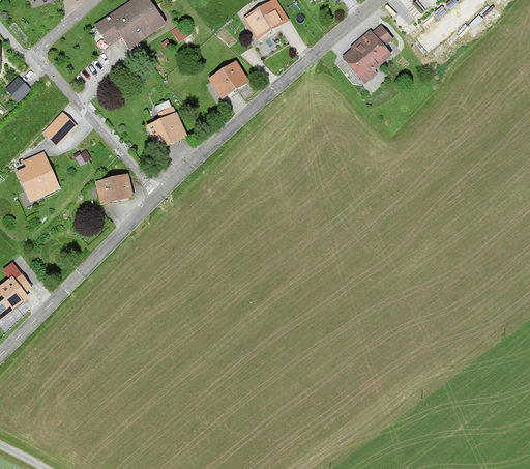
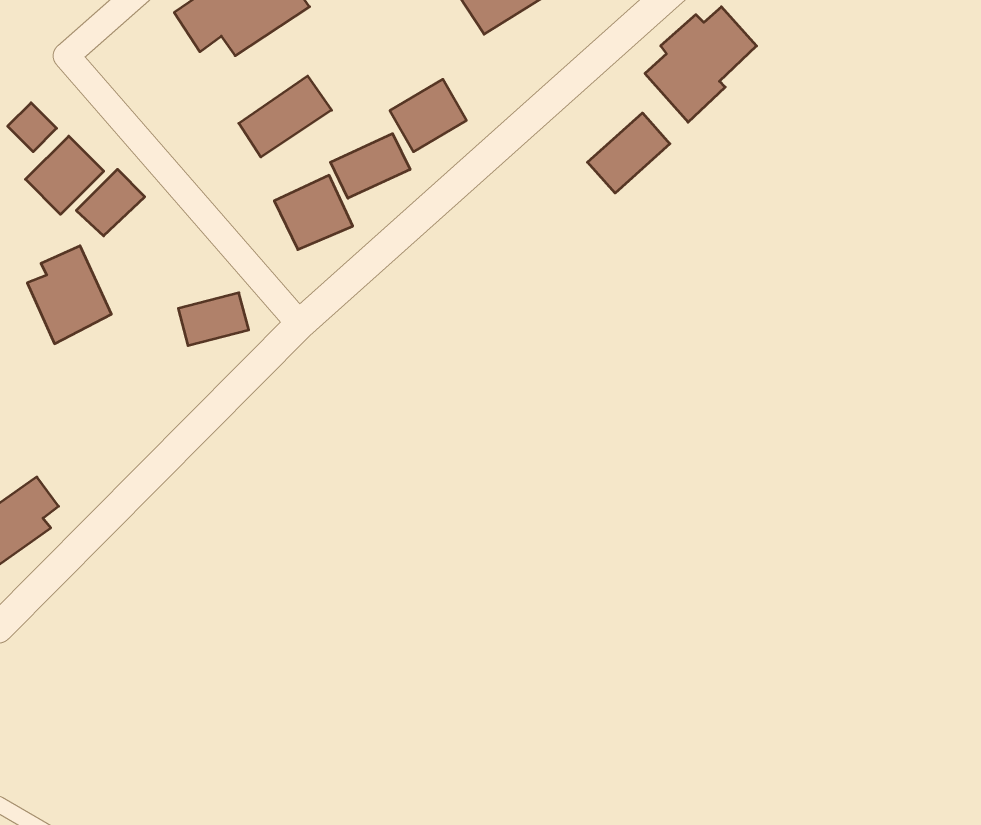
building: none -> [239,76,332,157]
building: none -> [587,113,670,193]
building: none -> [330,134,410,198]
building: none -> [25,136,104,214]

